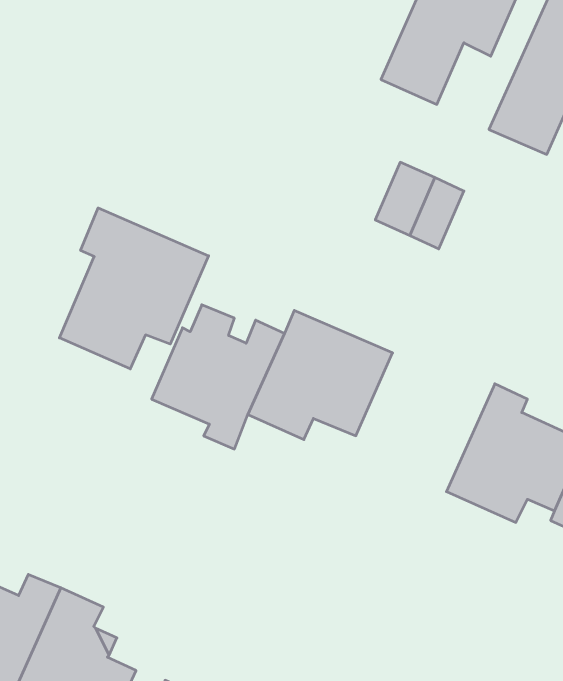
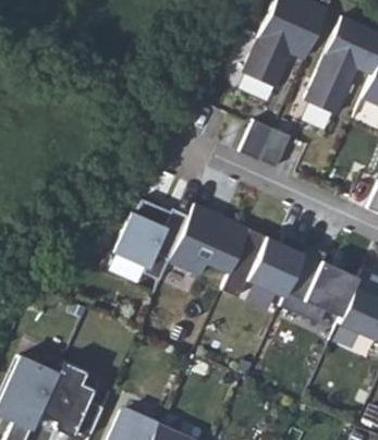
building: [59,208,209,369] -> none
building: none -> [239,234,307,314]

